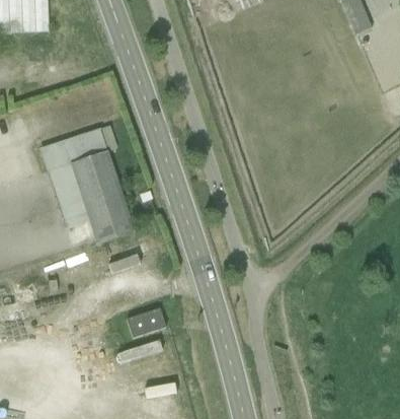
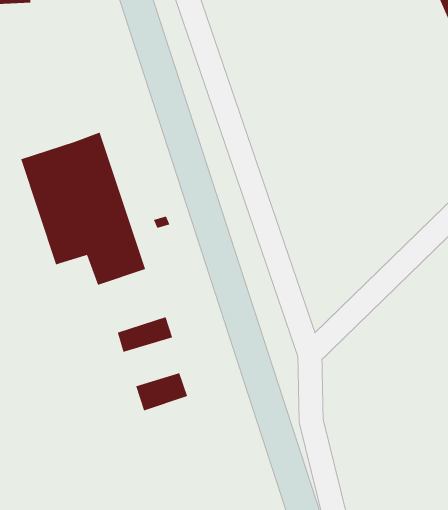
building: none -> [117,316,173,353]

